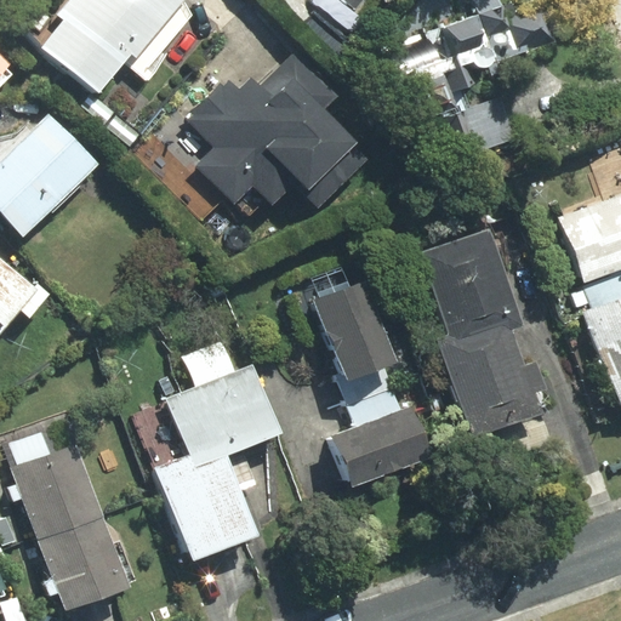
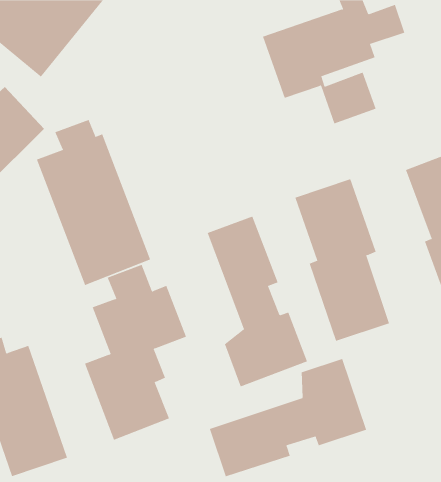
building: [193,45,365,206] -> none
building: none -> [36,119,151,286]
building: none -> [209,358,367,477]

